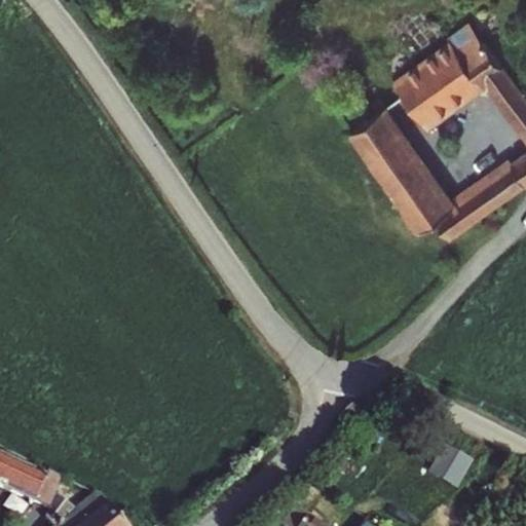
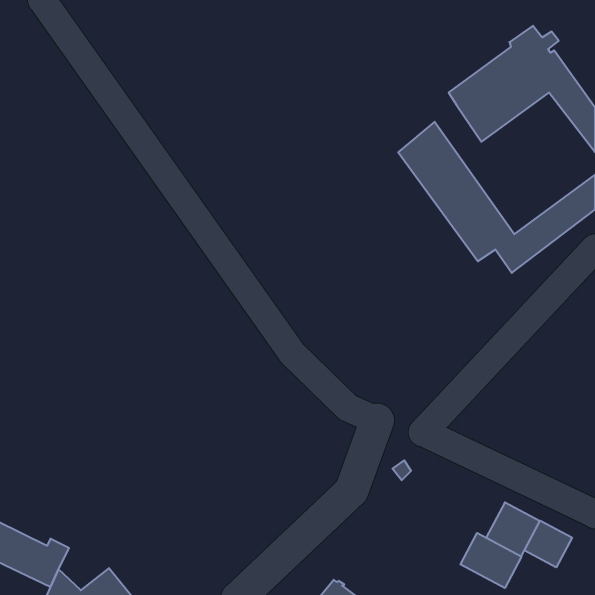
building: none -> [524,521,572,567]
building: none -> [460,533,521,588]

